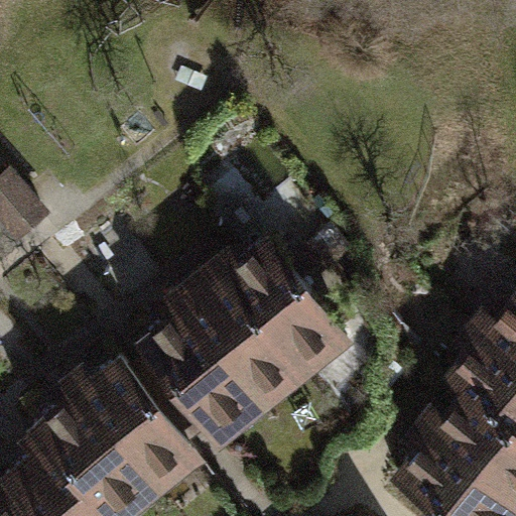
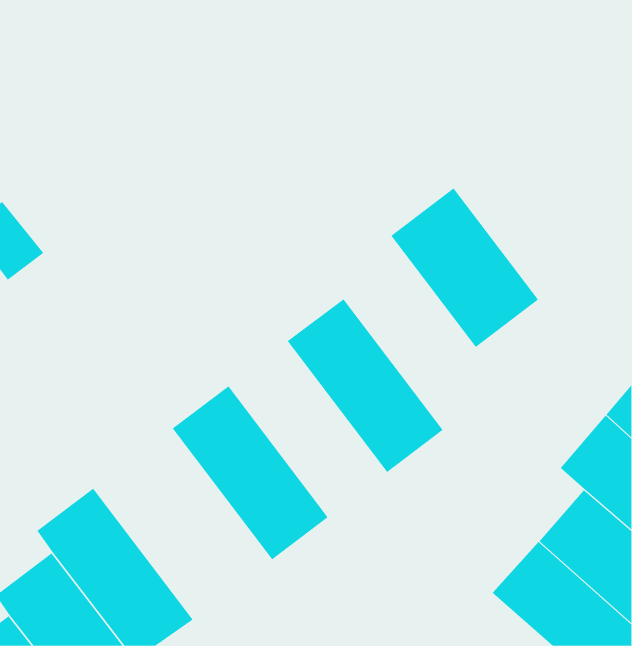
building: none -> [390,187,539,348]
building: [182,272,308,412] -> none
building: [75,354,201,494] -> none

